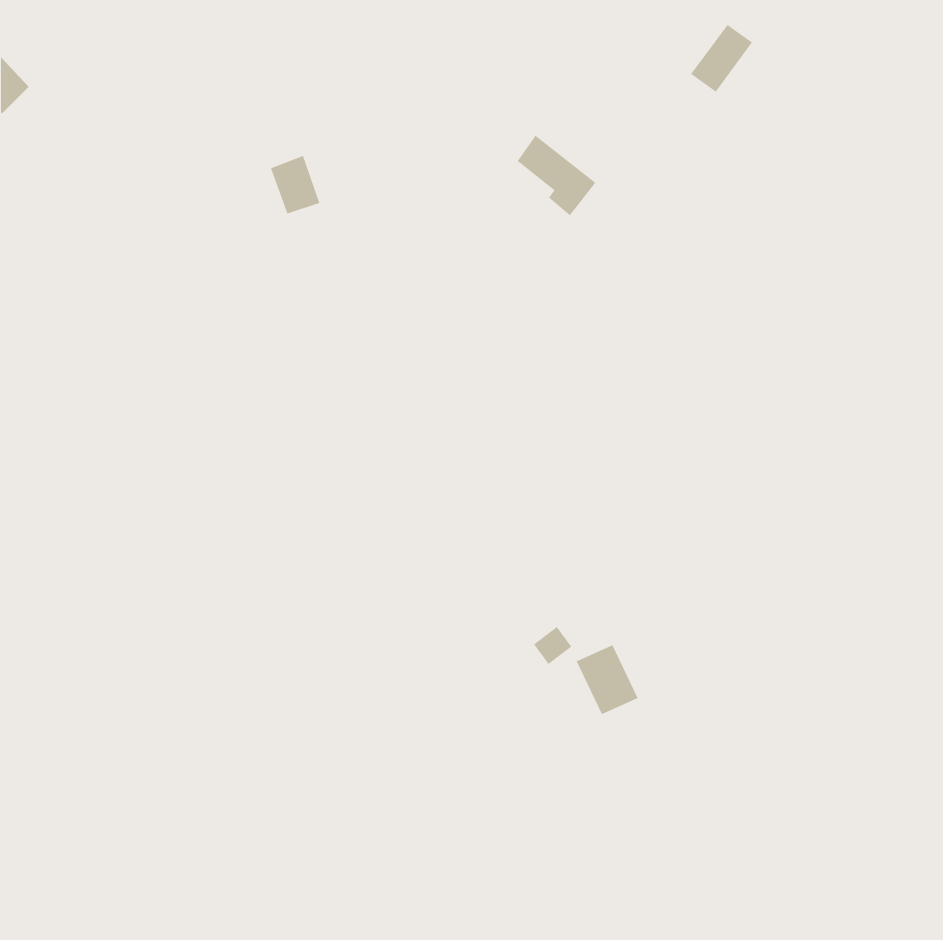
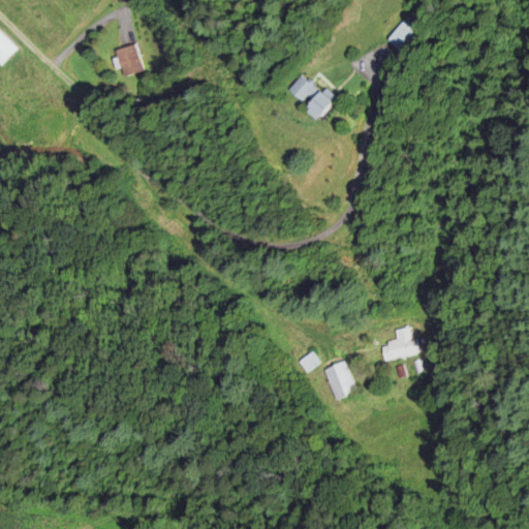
building: [270,155,320,214] -> [116,42,144,75]
building: none -> [381,326,418,361]

